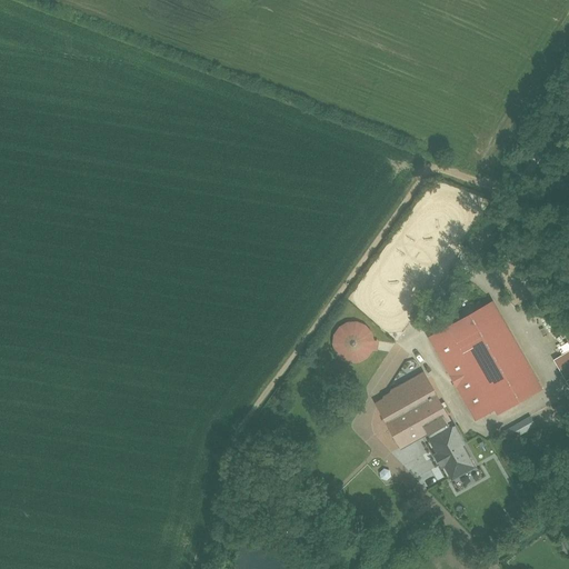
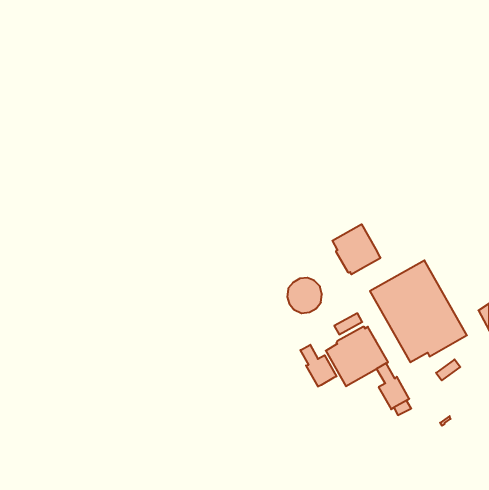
building: none -> [332,224,380,274]
building: none -> [300,345,337,387]

